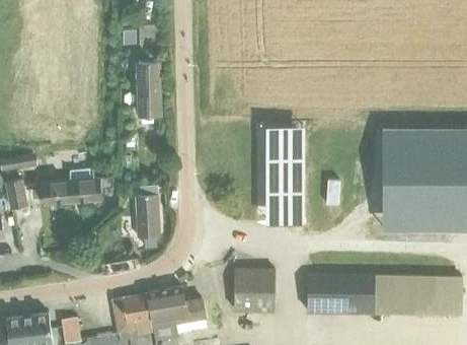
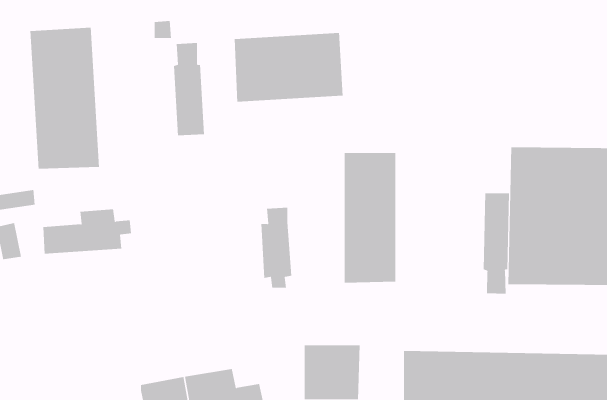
building: none -> [30,27,100,170]
building: none -> [234,32,343,102]
building: none -> [483,193,509,294]
building: [135,187,158,247] -> [261,207,292,288]

